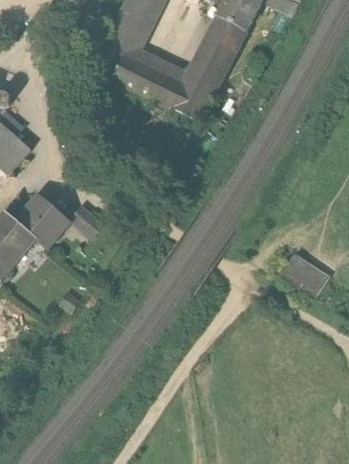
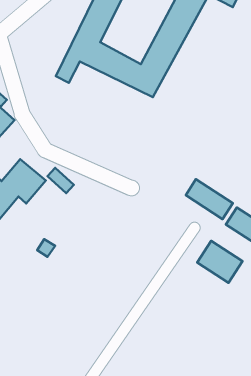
building: none -> [186,179,233,219]
building: none -> [197,241,243,283]

